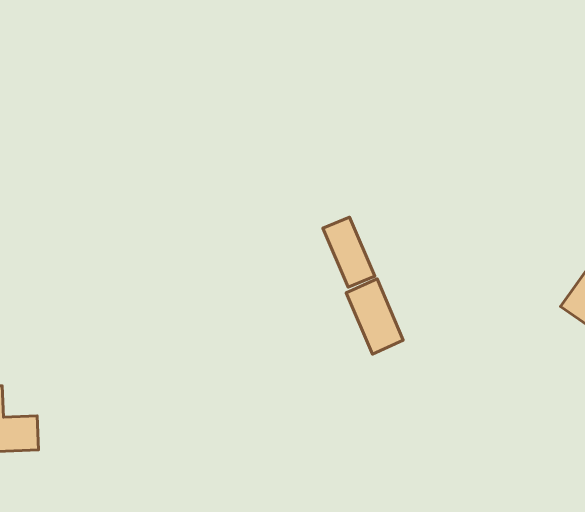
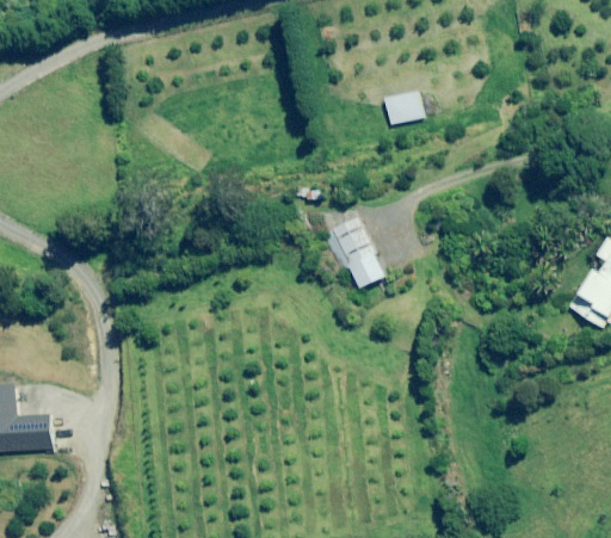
building: none -> [382,91,421,124]
building: [346,279,403,354] -> none

